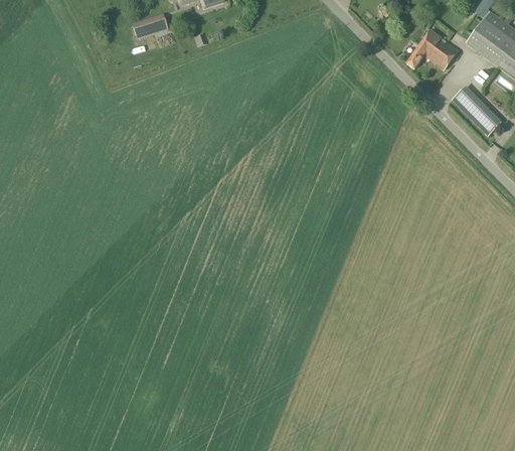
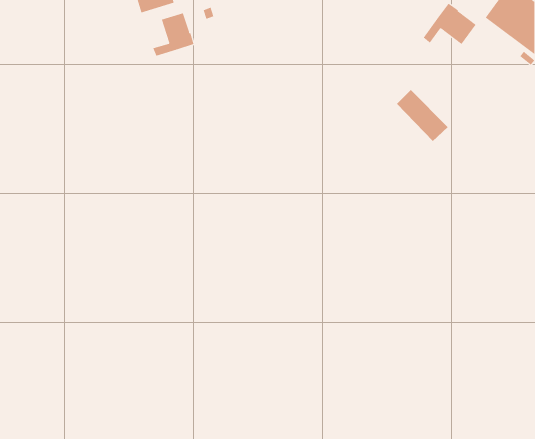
building: none -> [153,12,194,56]
building: [452,85,502,135] -> [396,89,449,142]

